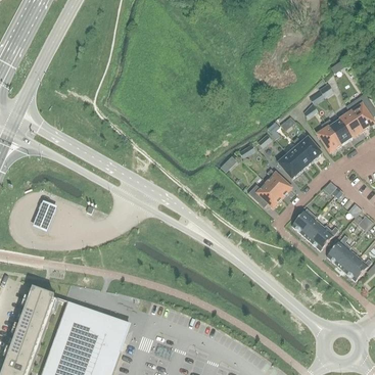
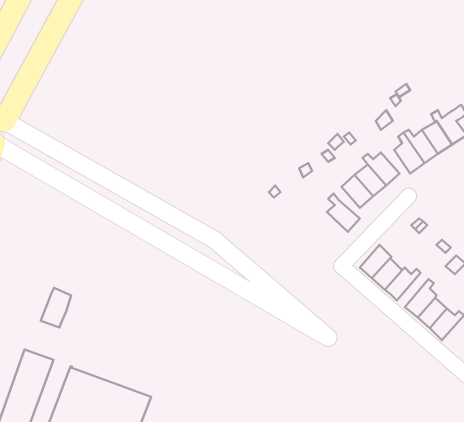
building: [248,182,282,206] -> none
building: [33,197,56,228] -> [41,288,71,327]

